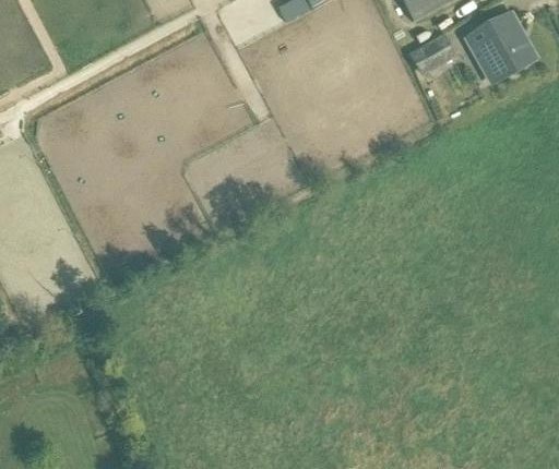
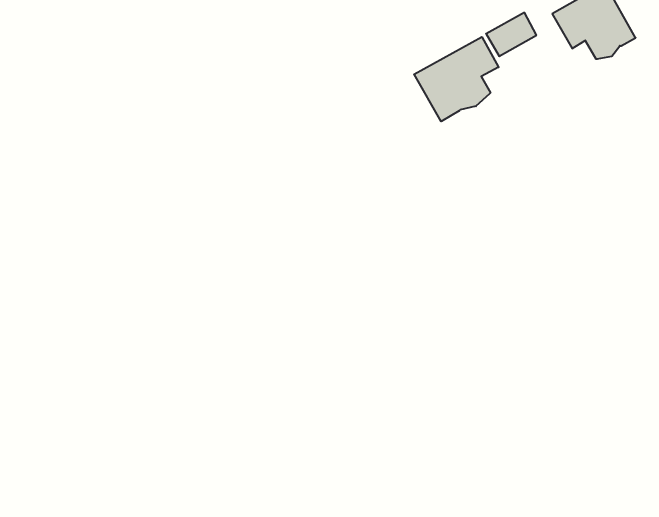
building: none -> [414,37,499,121]

